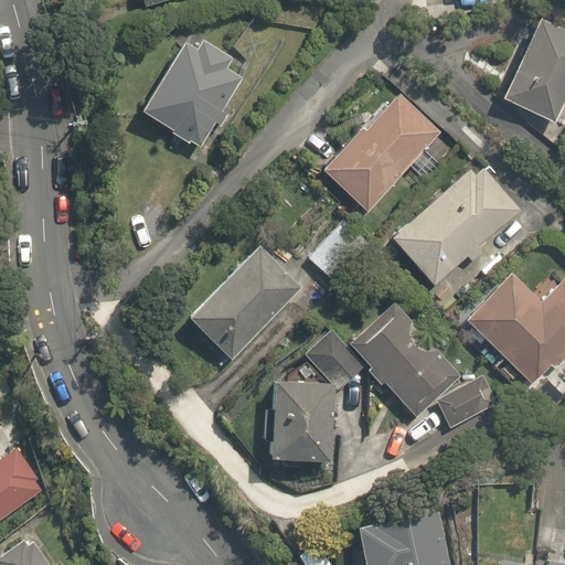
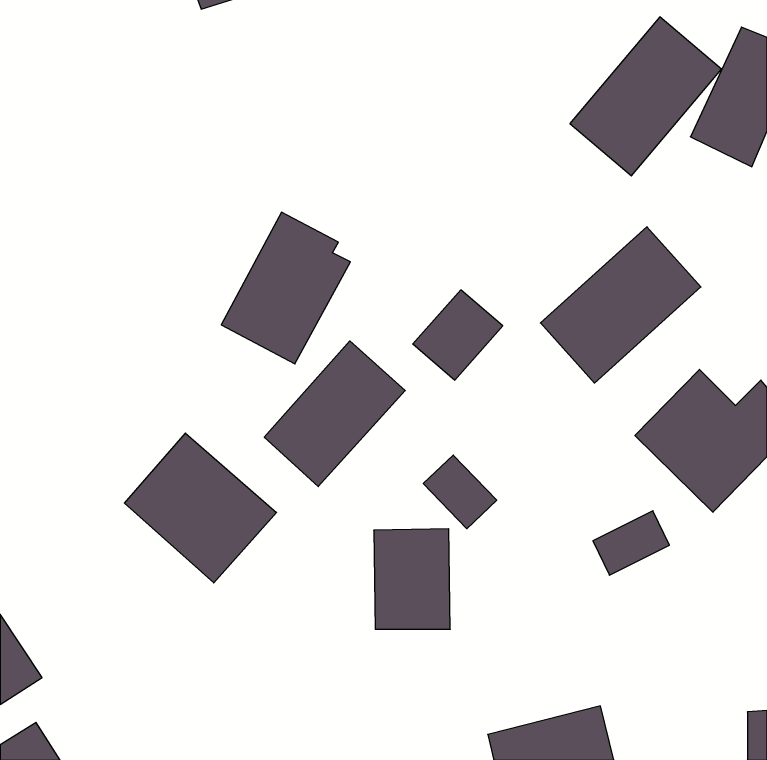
building: [147,34,242,146] -> [221,212,350,364]
building: [323,90,435,207] -> [570,17,721,176]
building: [353,308,457,414] -> none
building: none -> [124,433,277,583]

